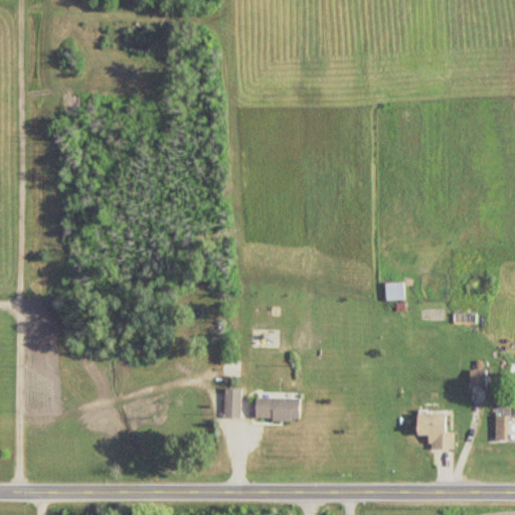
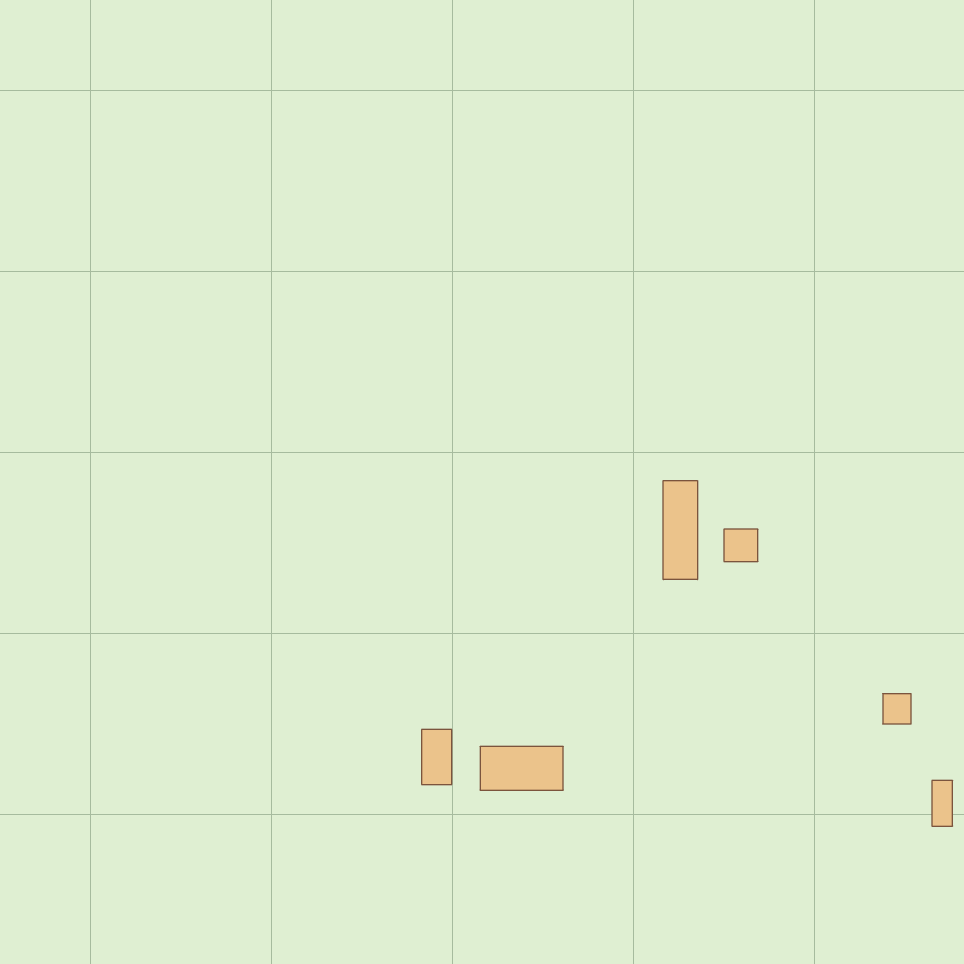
building: none -> [663,481,697,580]
building: [416,412,455,449] -> none

